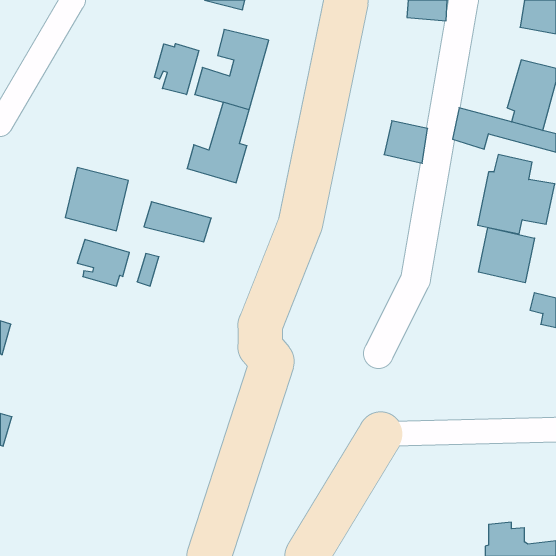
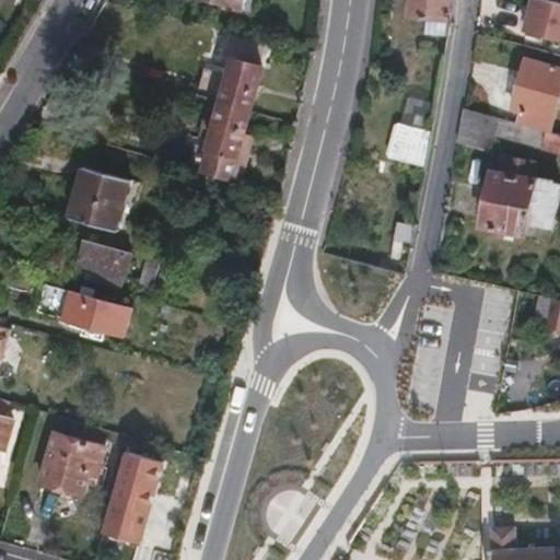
building: [154,44,199,95] -> none
building: [144,202,211,242] -> [63,293,131,334]
building: [478,228,535,283] -> none
building: none -> [40,432,104,494]
building: none -> [101,453,162,546]

